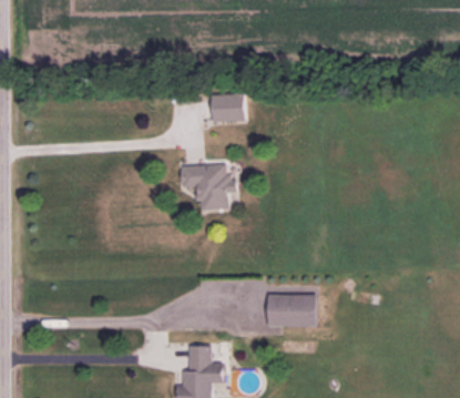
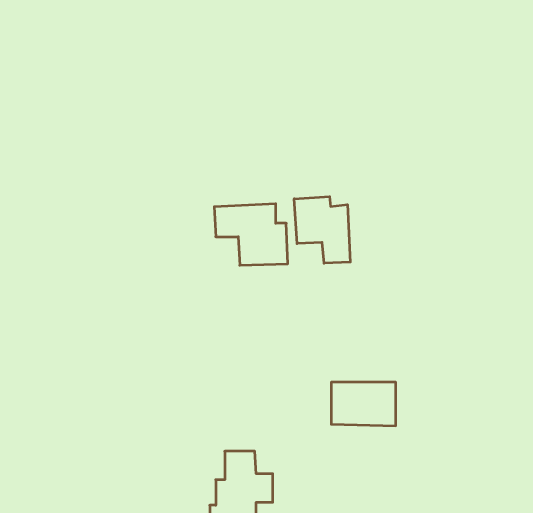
building: [211,93,245,122] -> none
building: none -> [294,197,350,263]

